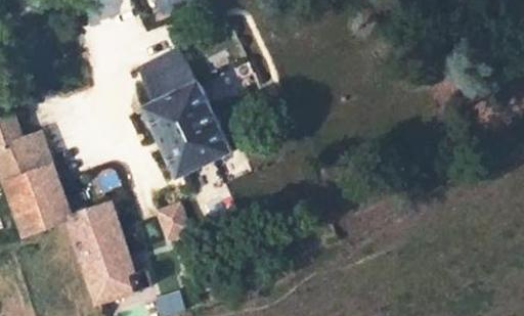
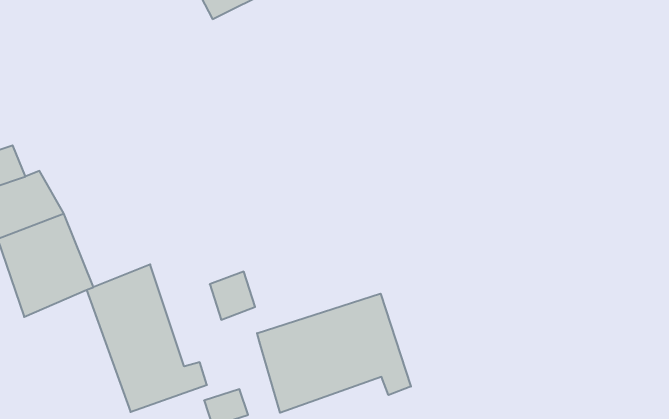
building: [137,49,233,177] -> none
building: none -> [257,294,411,413]

